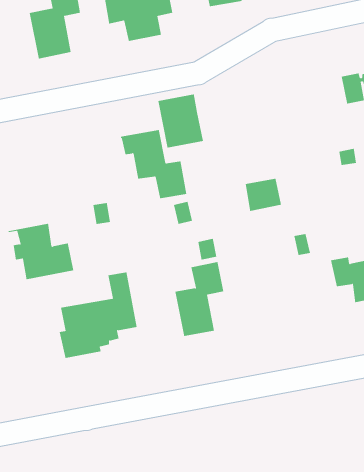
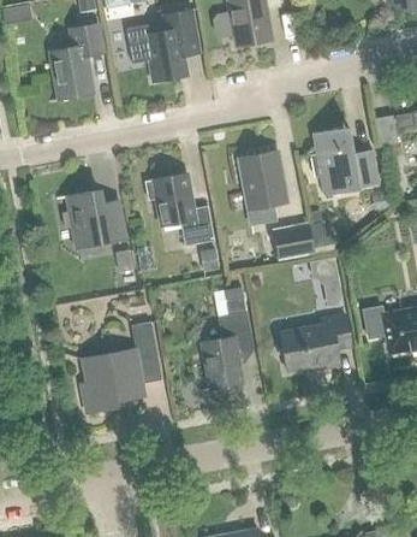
building: none -> [310,126,379,195]
building: [158,94,204,148] -> [239,152,287,208]
building: [7,223,74,280] -> [56,189,126,248]
building: none -> [278,314,351,371]

